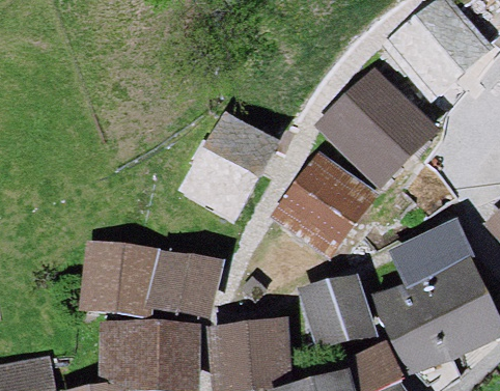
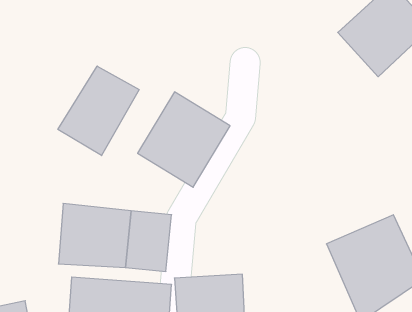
building: [326,60,447,181] -> none
building: none -> [58,66,139,156]
building: [275,151,386,262] -> none
building: [304,279,385,355] -> none

